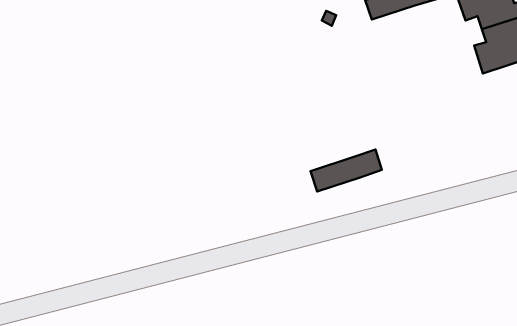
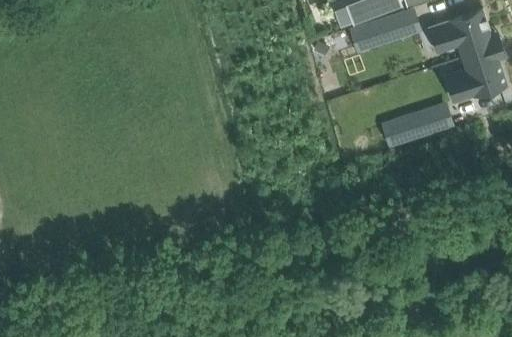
building: [311,149,382,192] -> [384,106,450,145]

